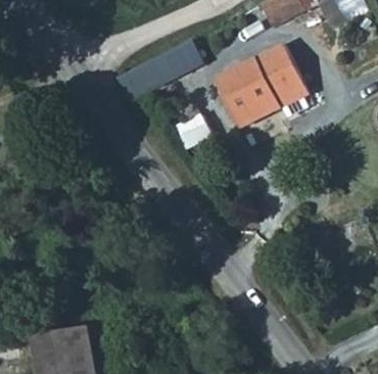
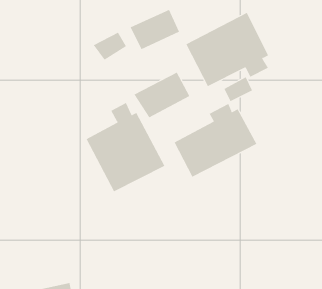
building: none -> [86,102,165,192]
building: none -> [174,103,257,177]

